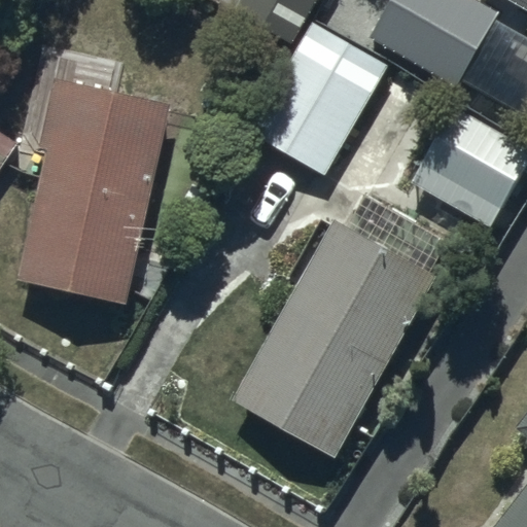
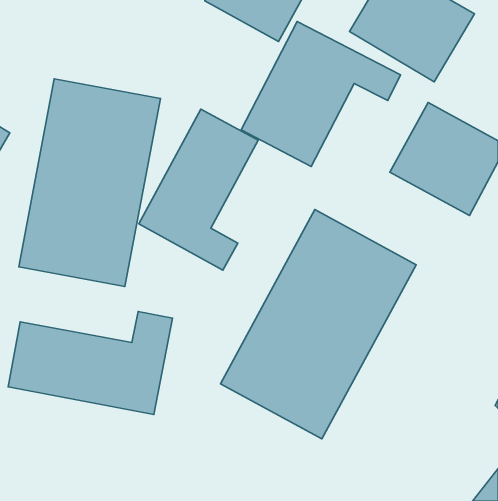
building: none -> [139,109,258,270]
building: none -> [8,312,172,414]

